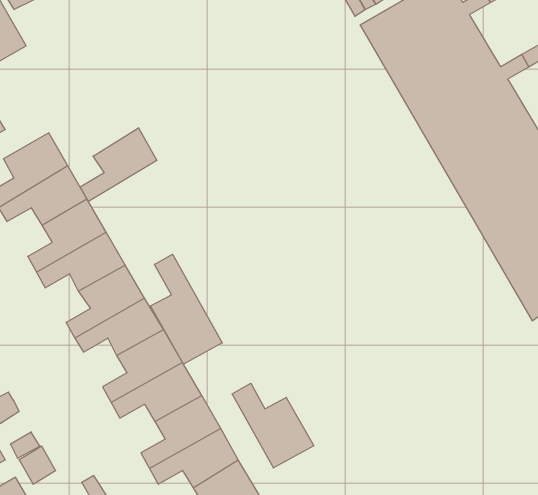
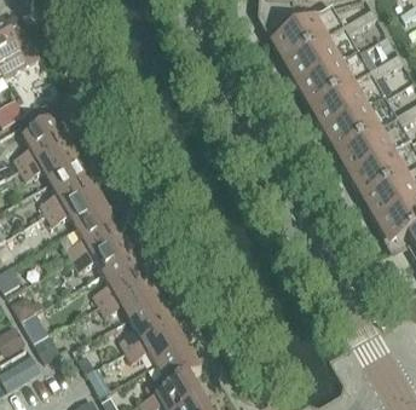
building: [80,128,157,202] -> none
building: [151,254,222,364] -> none
building: [232,383,314,468] -> none

